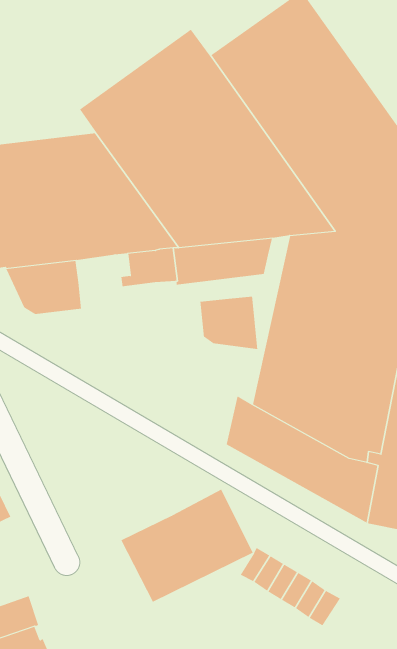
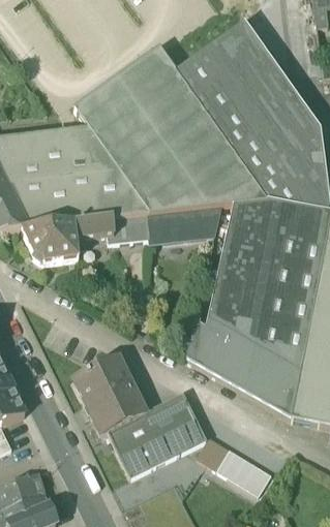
building: none -> [74,216,115,238]
building: [200,296,258,350] -> none
building: none -> [73,355,146,433]

